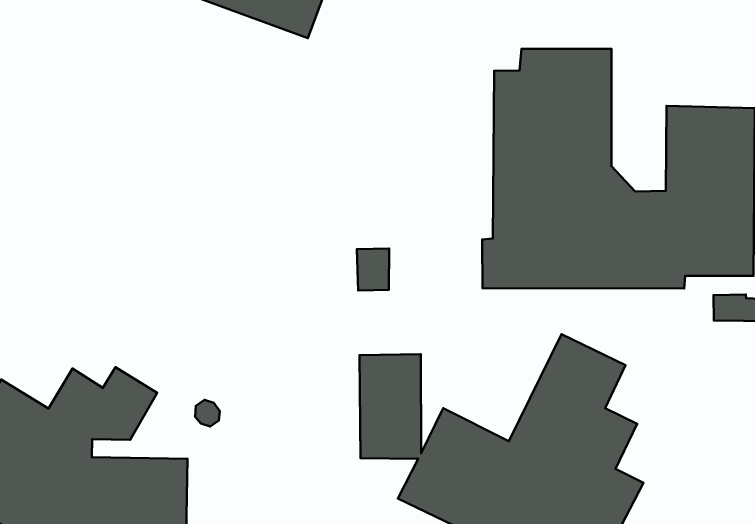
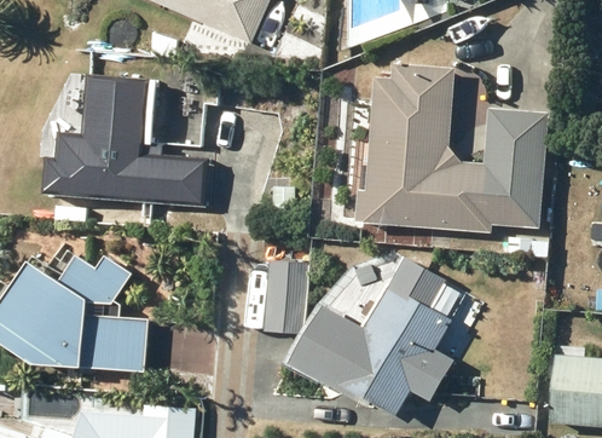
building: none -> [45,74,201,202]

